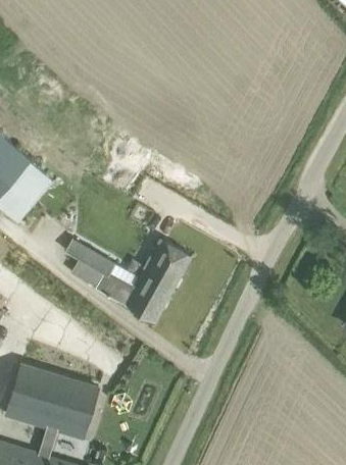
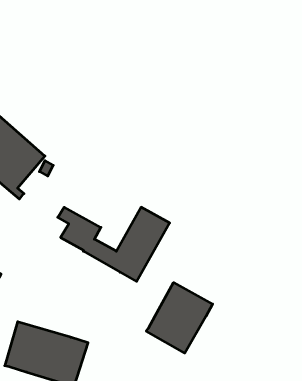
building: none -> [146,283,213,353]

